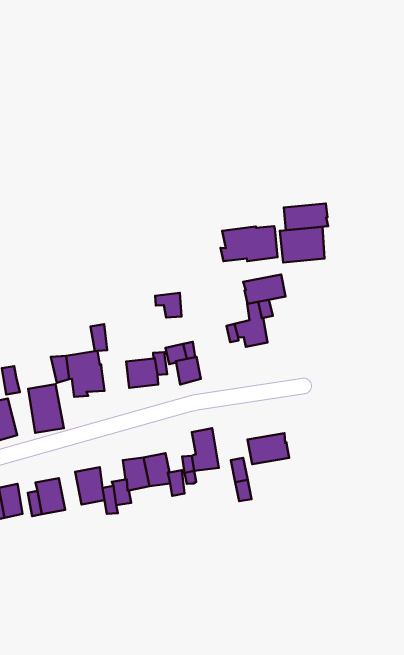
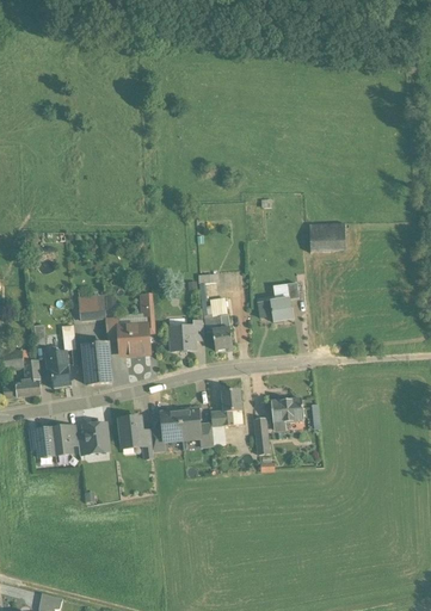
building: [284,203,328,230] -> none
building: [220,226,278,261] -> none
building: [243,274,285,304] -> none
building: none -> [78,296,105,319]

